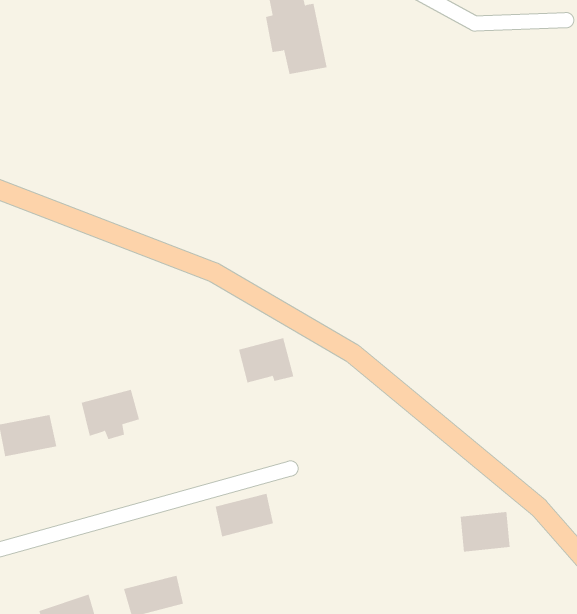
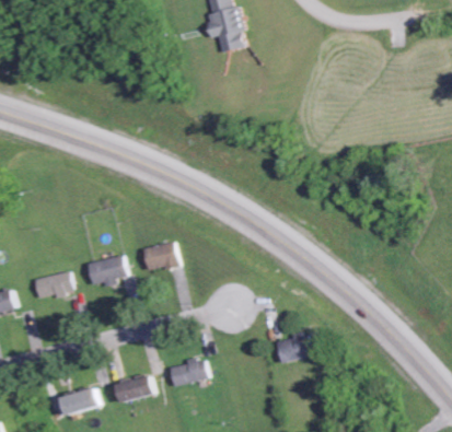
building: [238,338,294,383] -> [141,241,177,270]
building: [215,493,274,537] -> [169,358,207,386]
building: [460,511,511,552] -> [277,335,310,361]

